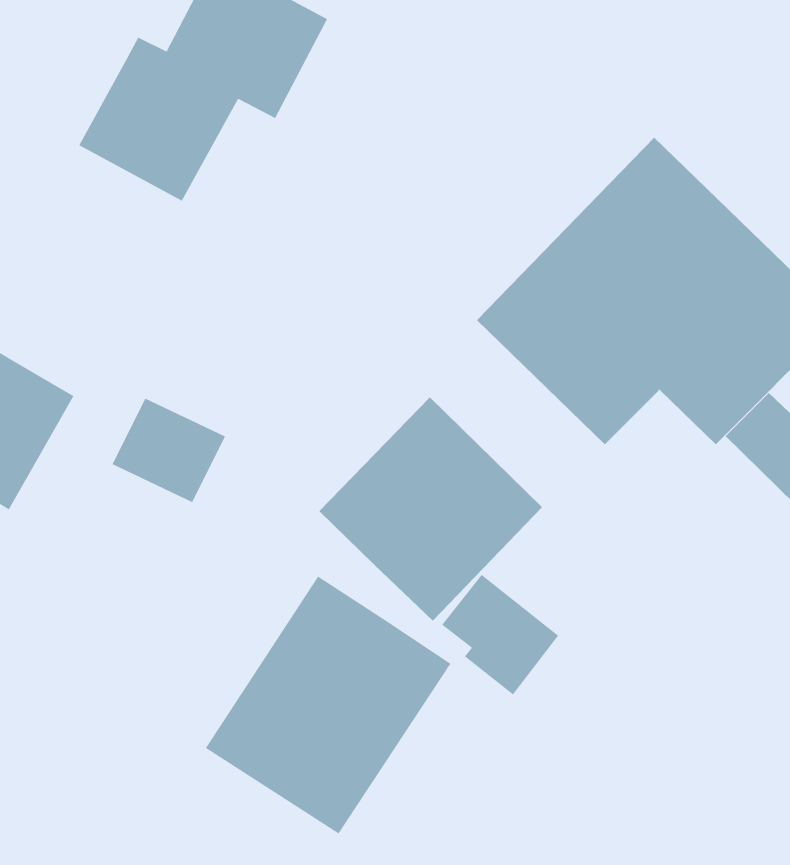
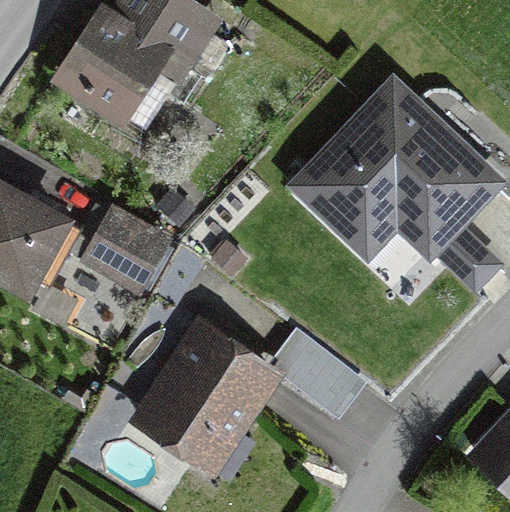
building: [318,396,543,622] -> none

